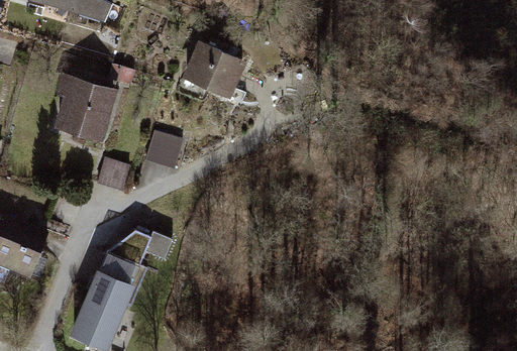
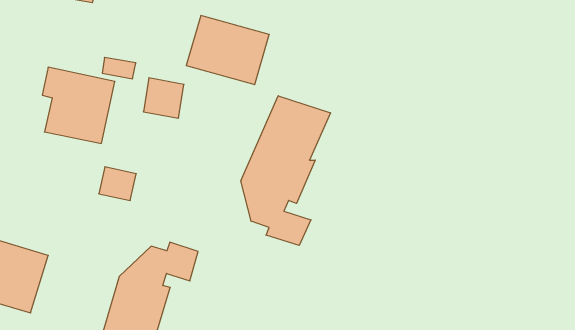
building: none -> [241,96,330,245]
building: [147,134,184,170] -> [143,78,184,118]

